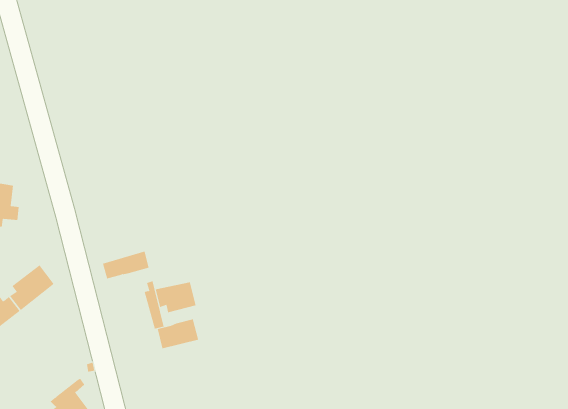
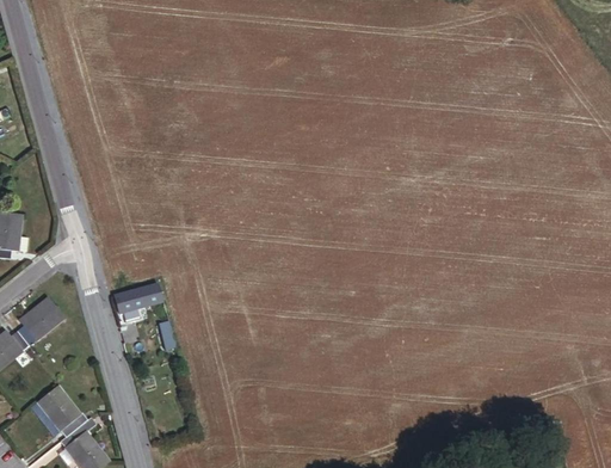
building: [155,281,196,313] -> none
building: [157,319,199,349] -> none
building: none -> [31,384,88,436]

